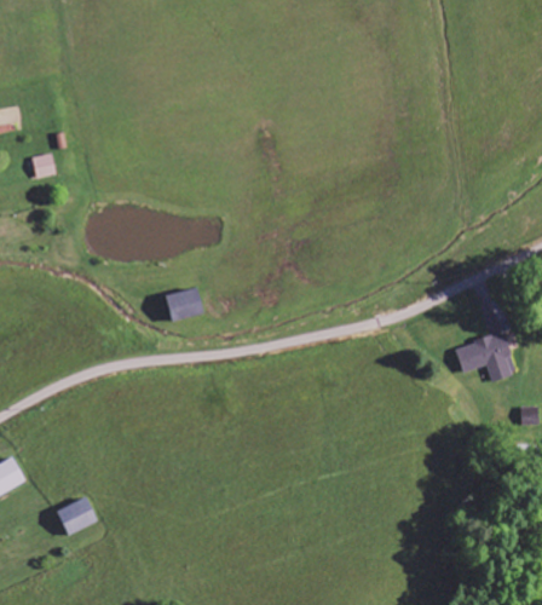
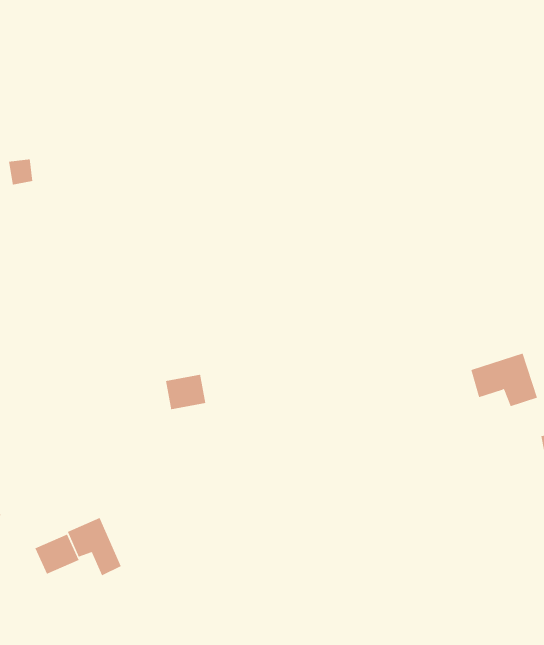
building: [166,288,203,321] -> [165,374,206,410]
building: none -> [67,517,122,576]

